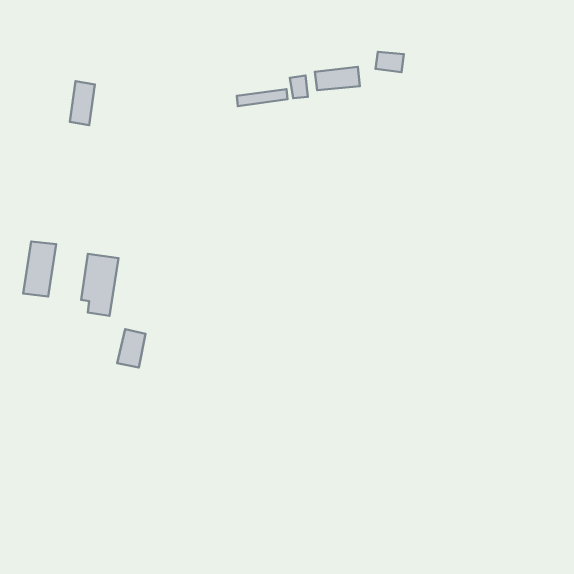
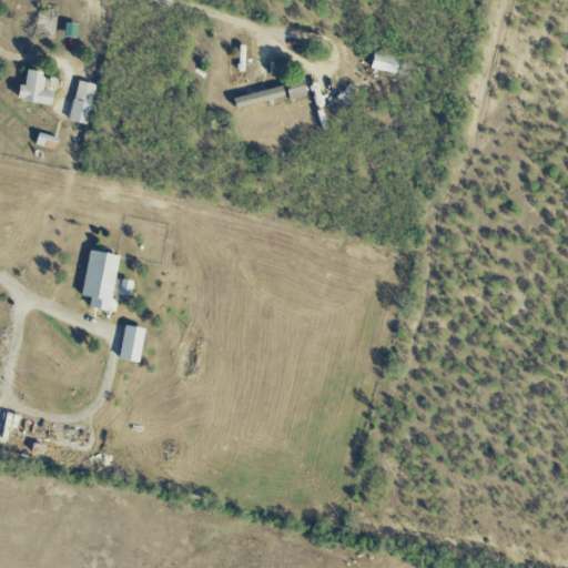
building: [315,67,360,90] -> none
building: none -> [18,69,53,103]
building: [23,241,56,296] -> none

